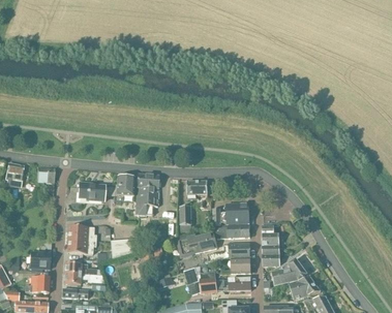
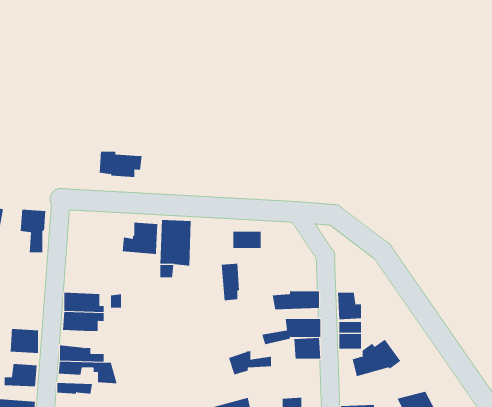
building: [79,183,110,201] -> [99,151,142,177]
building: [213,202,249,224] -> none
building: [179,232,217,255] -> none
building: [289,277,321,300] -> none
building: [188,278,251,294] -> none

